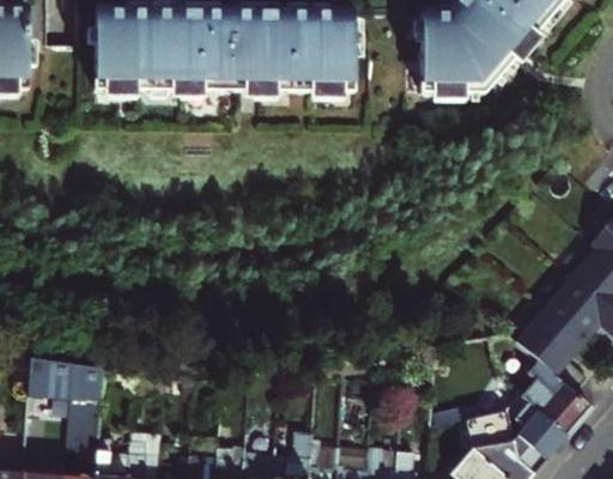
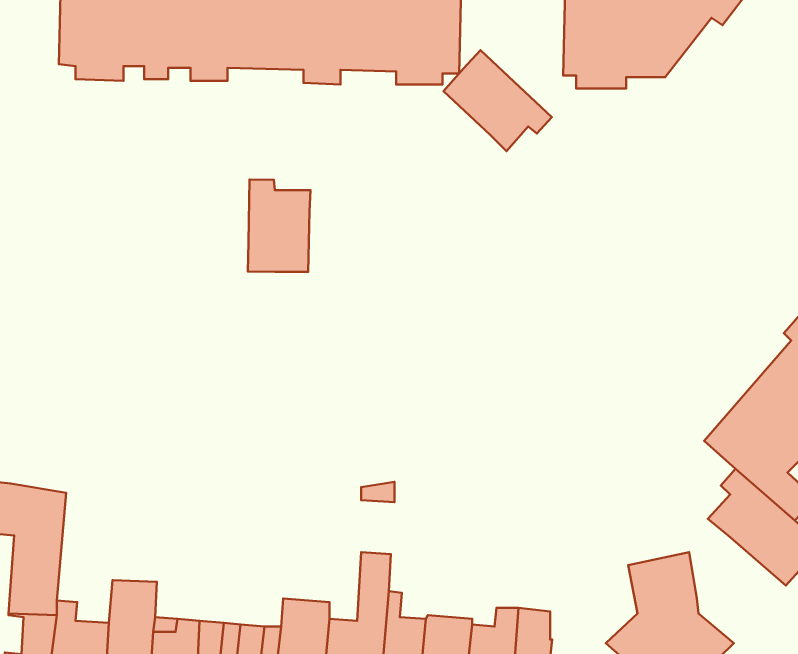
building: none -> [444,50,552,151]
building: none -> [248,180,311,272]
building: [509,393,566,462] -> none

